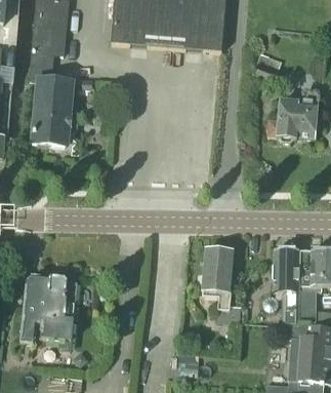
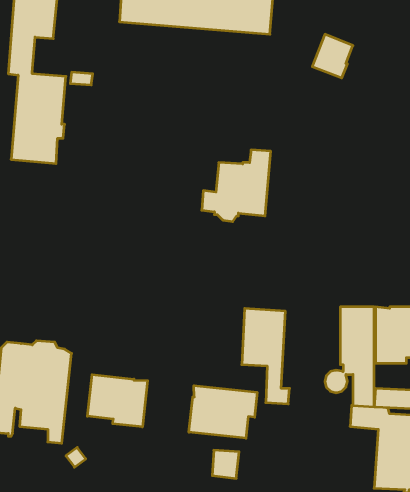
building: [268,89,319,142] -> [202,150,271,222]
building: none -> [87,375,148,427]
building: none -> [189,386,257,438]

